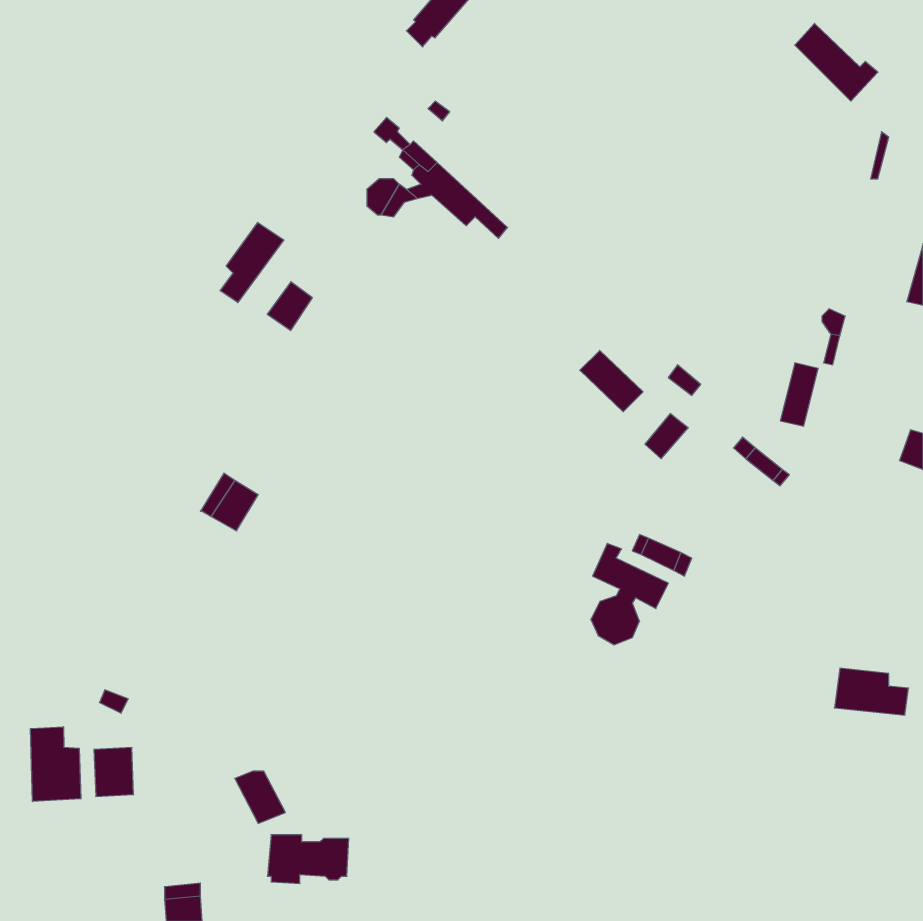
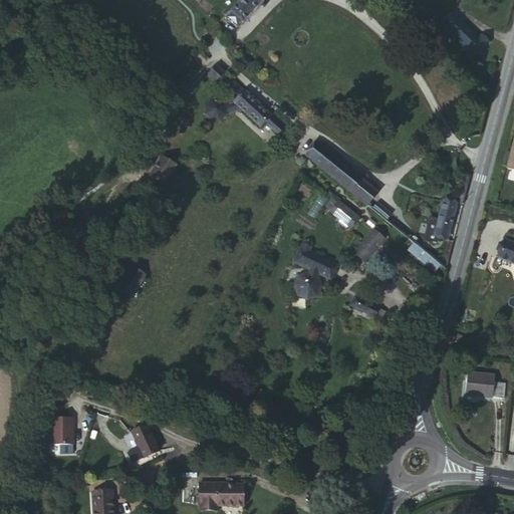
building: [220,222,284,303] -> none
building: none -> [307,143,375,204]
building: [591,544,668,645] -> [293,243,336,299]
building: [30,727,81,802] -> none
building: [267,835,349,884] -> [201,479,246,506]

